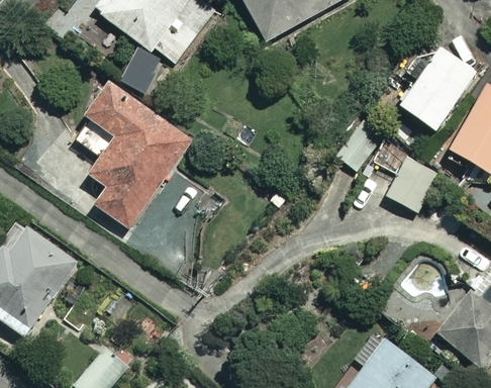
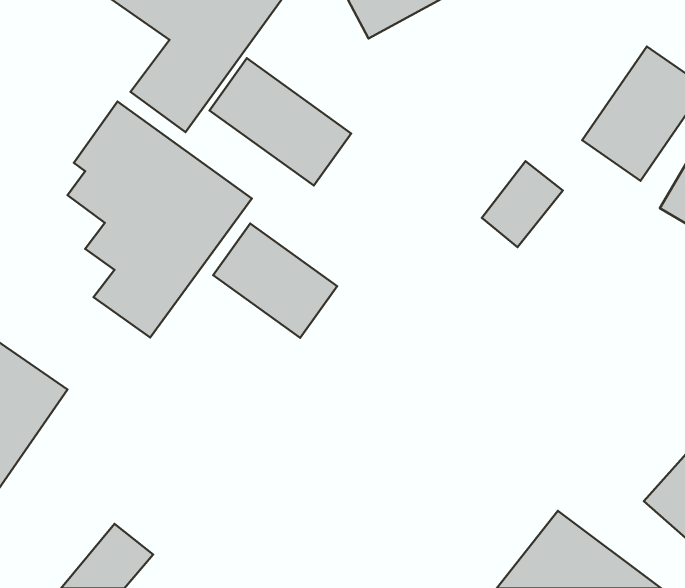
building: none -> [210,58,351,186]
building: [378,140,443,213] -> none
building: none -> [213,223,337,338]

